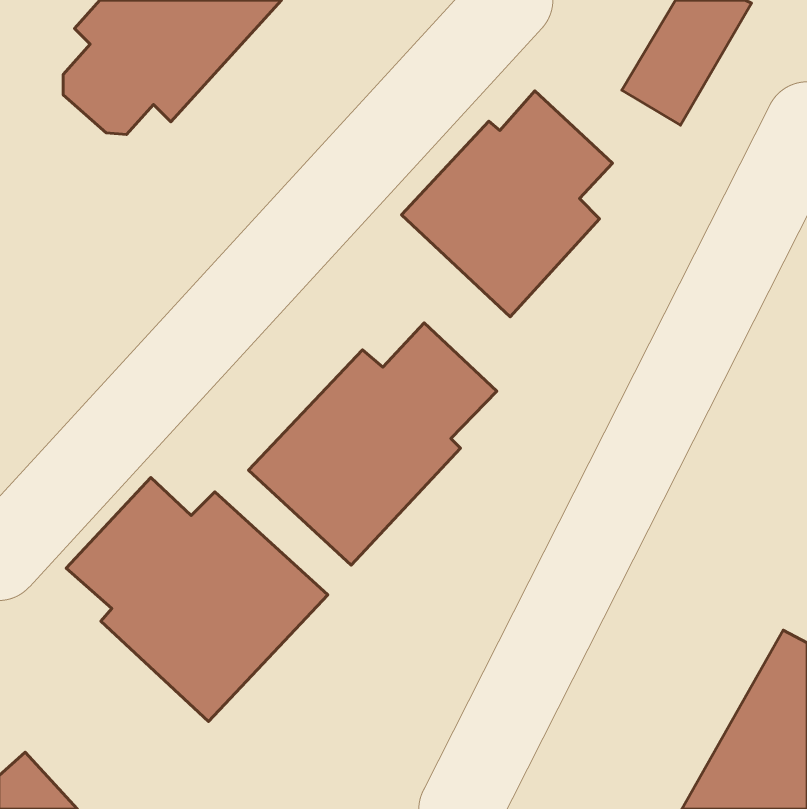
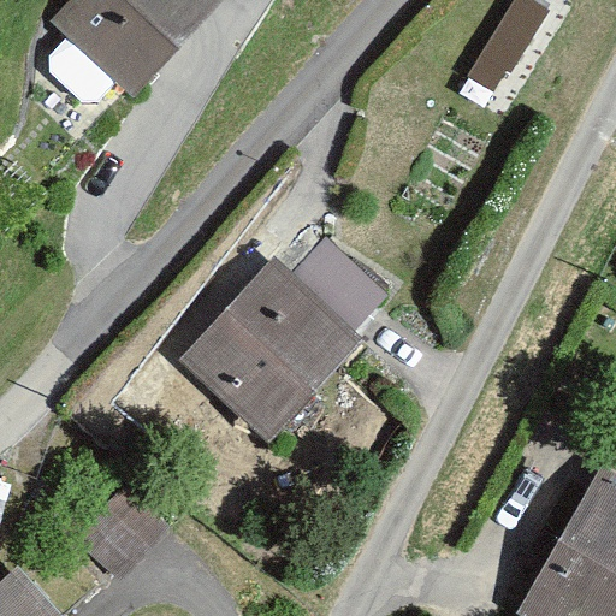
building: [402,91,612,317] -> none
building: [66,477,328,722] -> none

